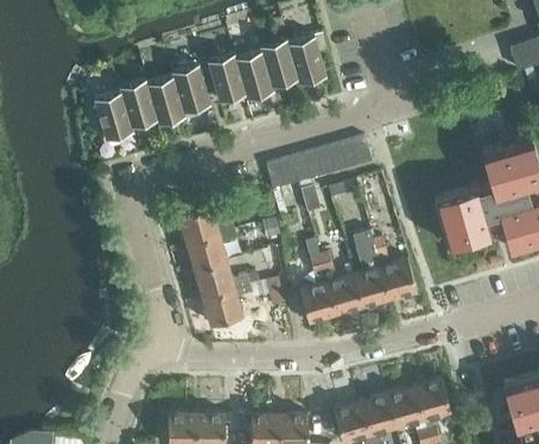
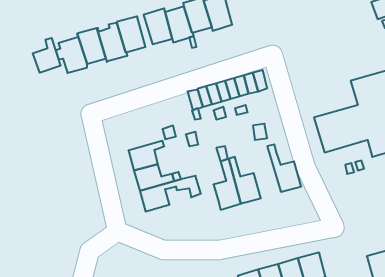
building: none -> [33,38,61,73]
building: [180,208,233,245] -> none
building: [353,230,389,307] -> none

